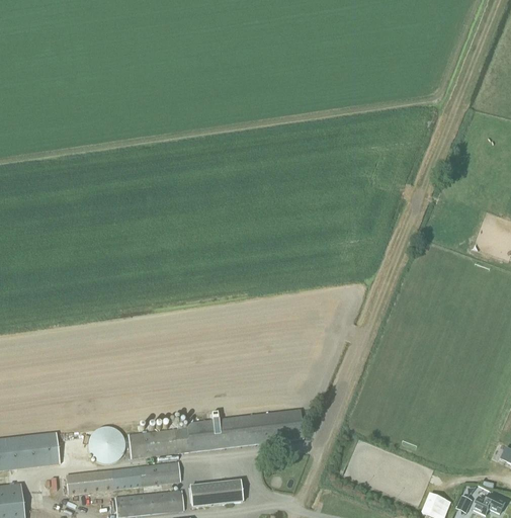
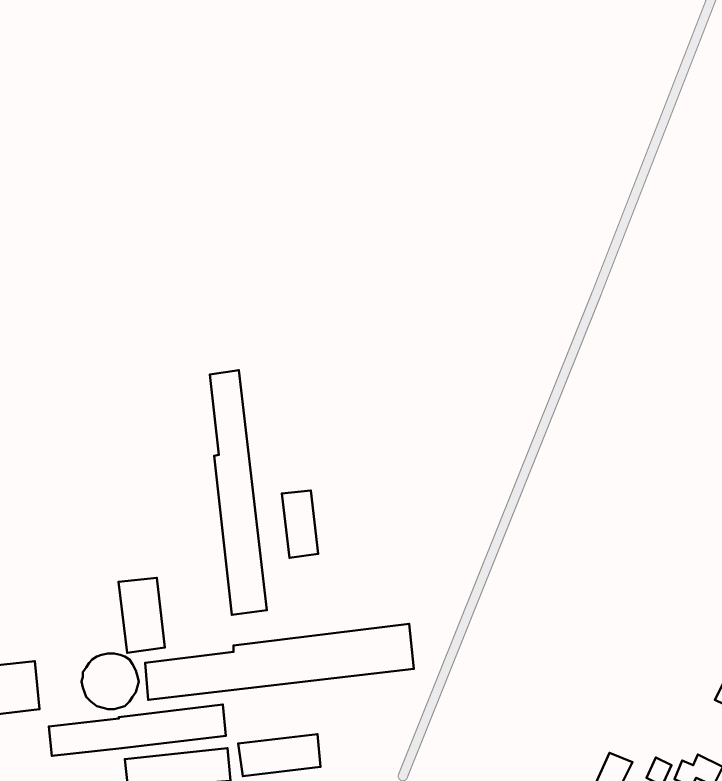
building: none -> [210,370,267,615]
building: none -> [282,491,318,558]
building: none -> [119,578,165,653]

